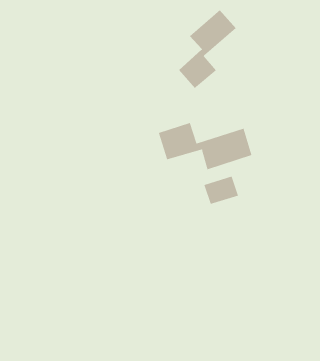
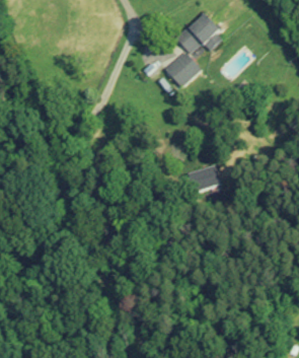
building: [158,122,252,170] -> none

